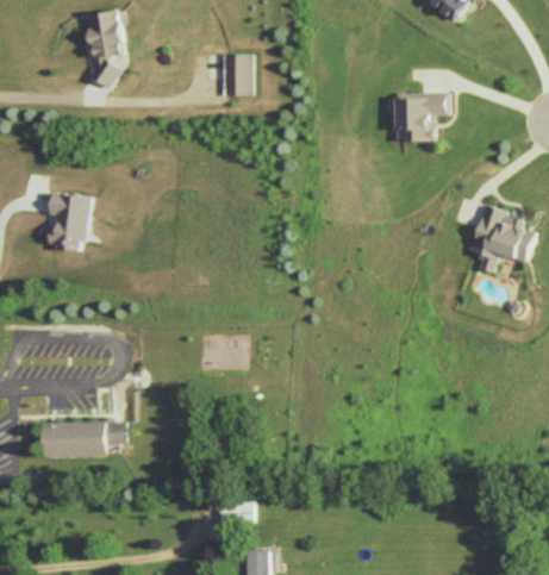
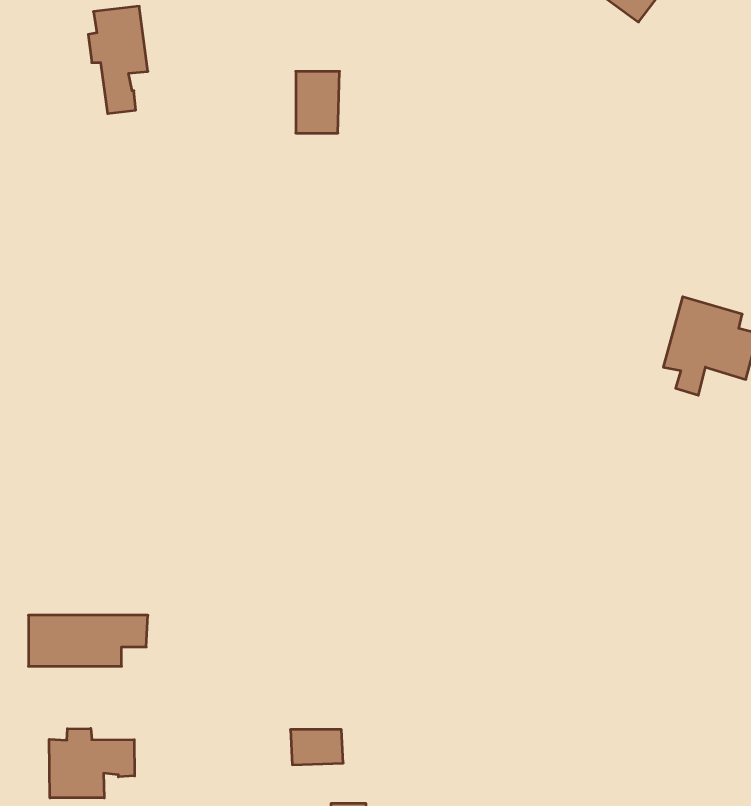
building: [395,92,450,142] -> none
building: [48,192,91,250] -> none
building: none -> [49,728,135,798]

